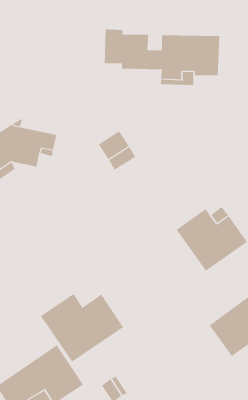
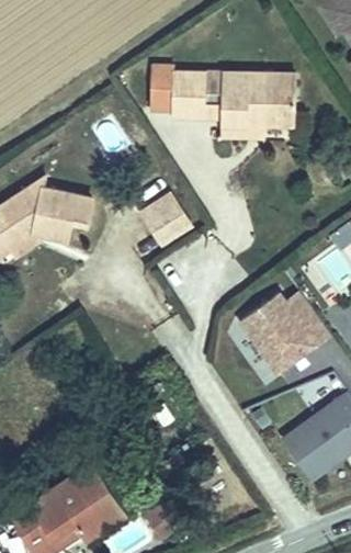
building: [40,293,124,362] -> none

